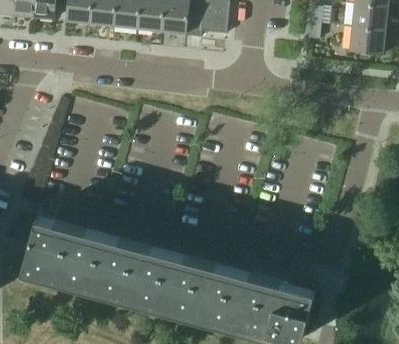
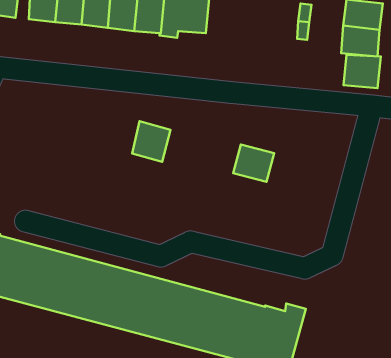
building: none -> [344,55,381,88]
building: none -> [132,121,171,162]
building: none -> [233,144,274,182]

